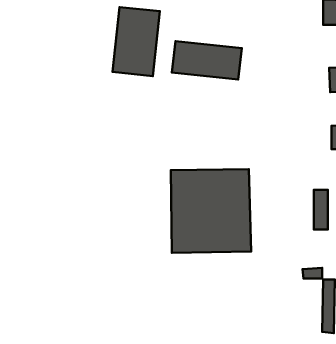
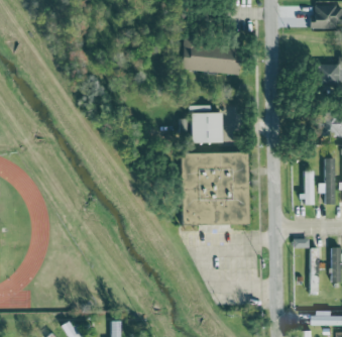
building: [113,7,160,76] -> none
building: none -> [188,105,219,143]

